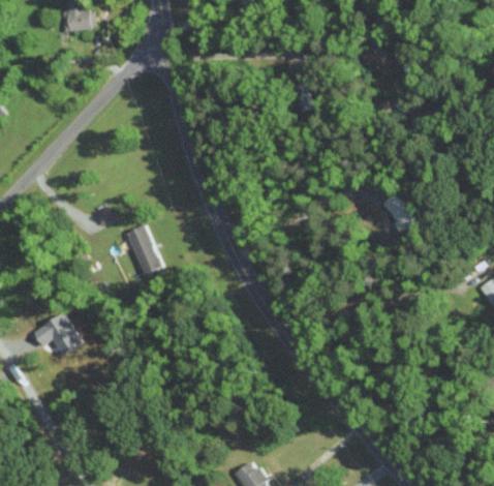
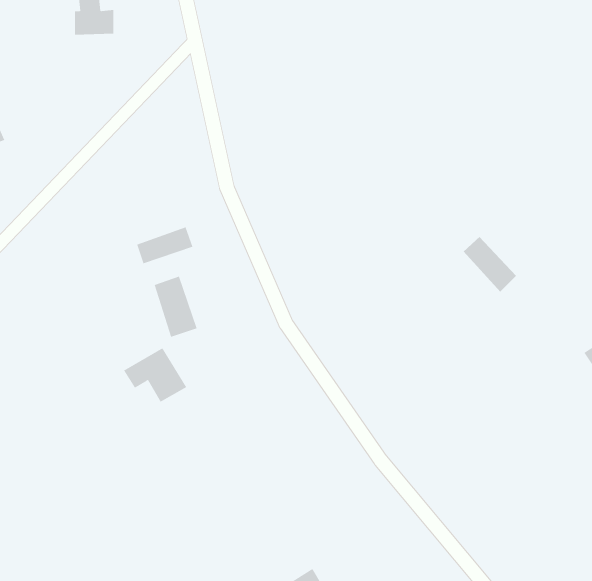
building: none -> [136,226,193,264]
building: [34,312,86,357] -> [123,347,187,403]

